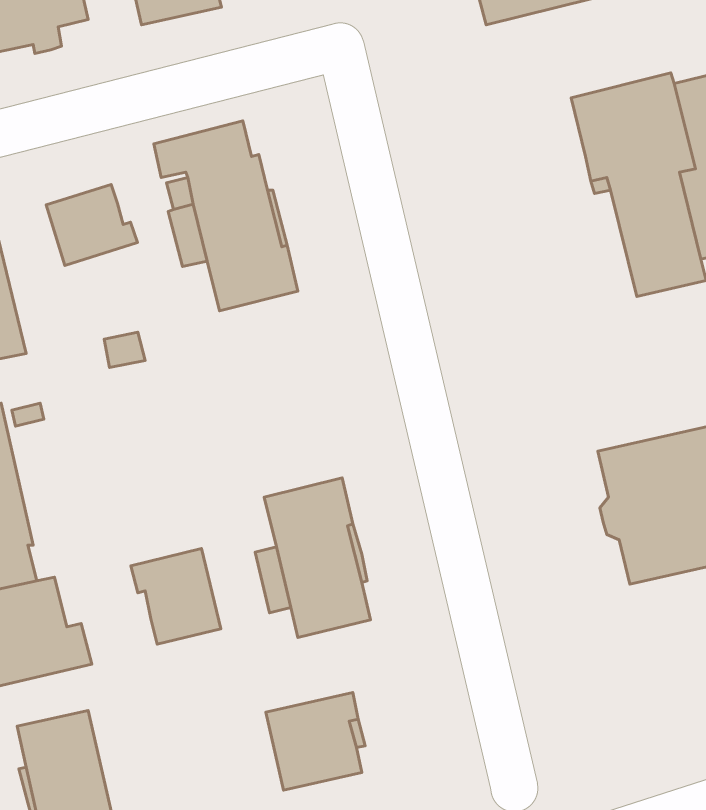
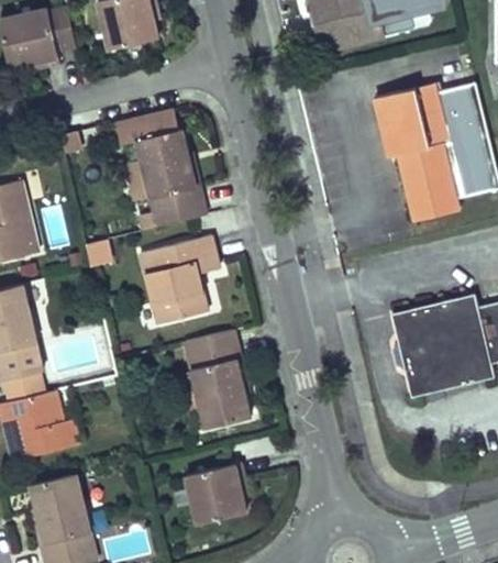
building: [46,185,137,265] -> none
building: none -> [142,234,220,323]
building: [131,549,221,644] -> none

